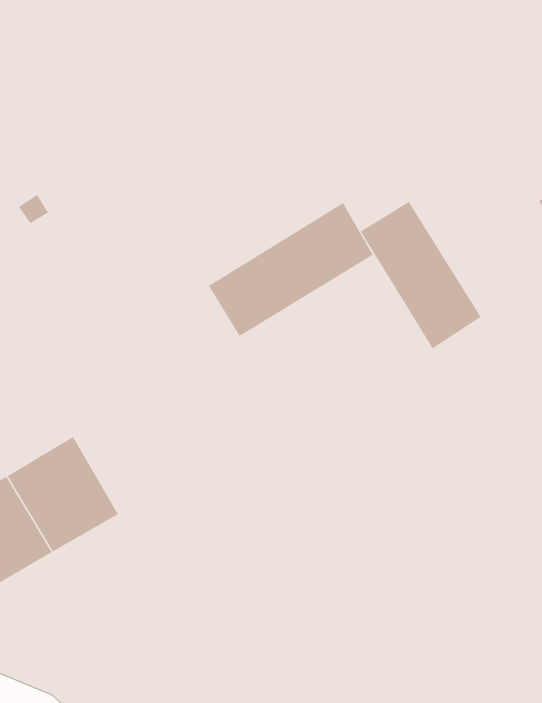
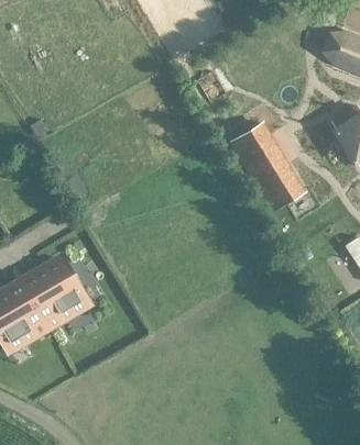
building: [208,202,374,337] -> none

